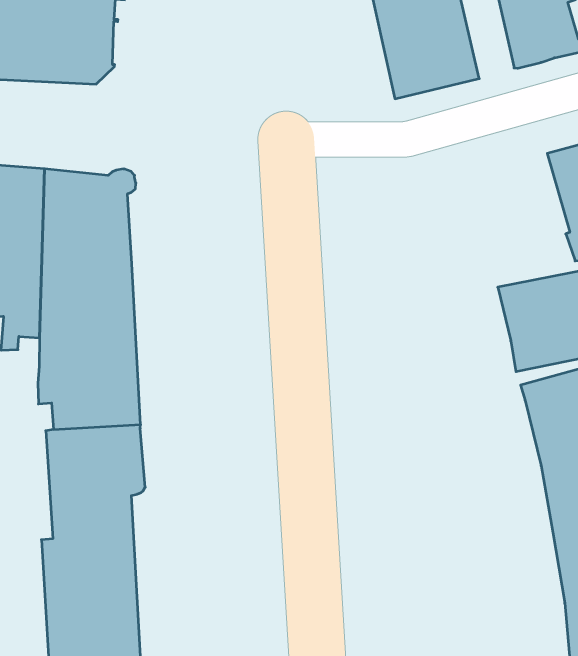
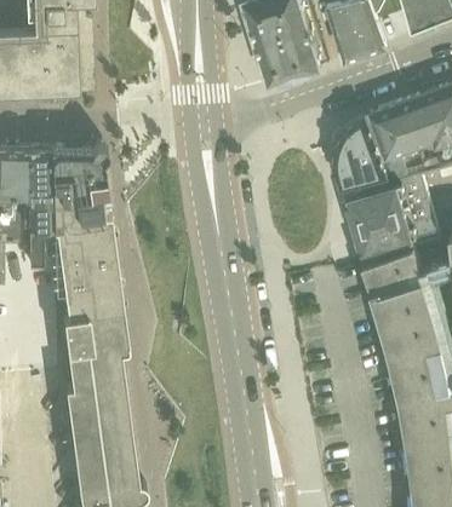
building: none -> [332,116,387,191]

